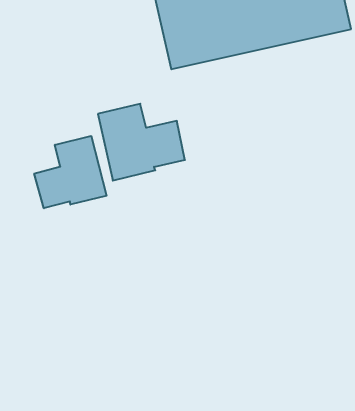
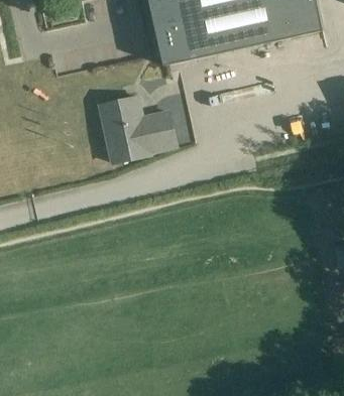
building: [34,136,107,208] -> none

